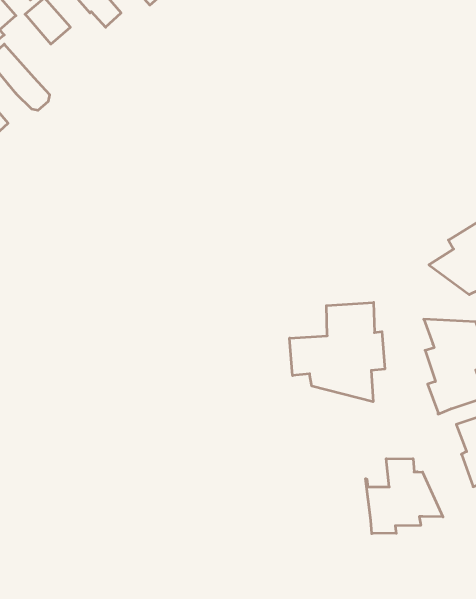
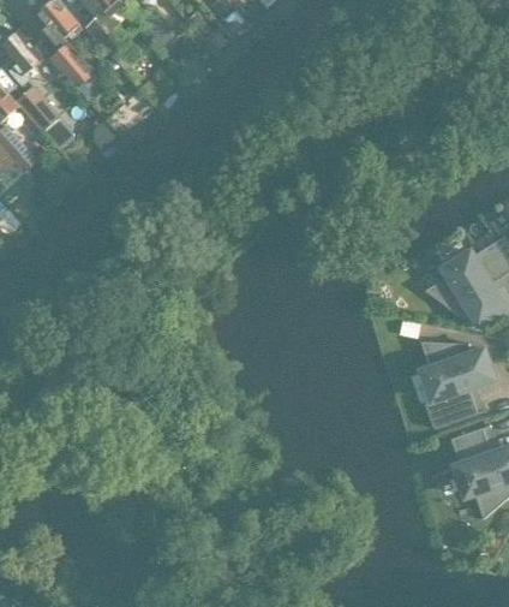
building: [290,302,385,402] -> none
building: [366,459,443,534] -> none

